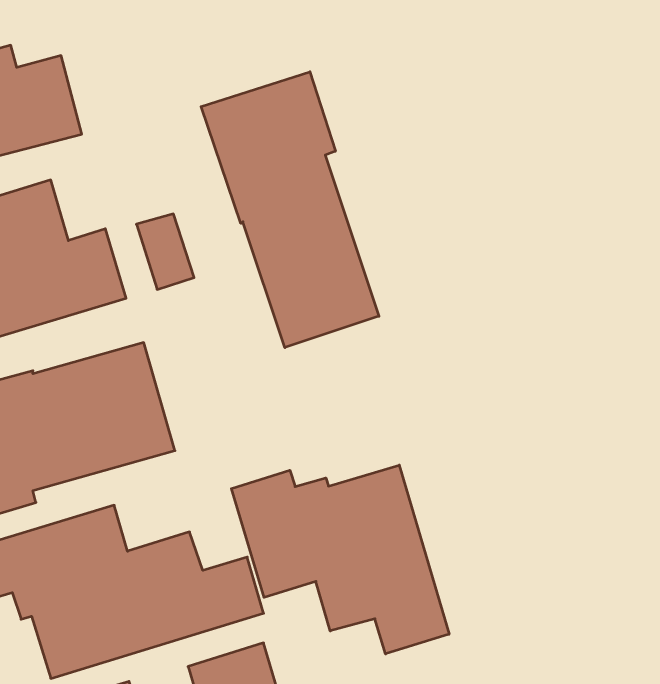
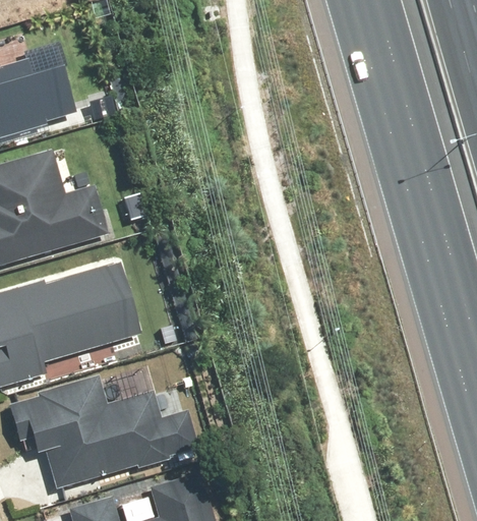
building: [201,72,379,348] -> none
building: [231,465,449,654] -> none

